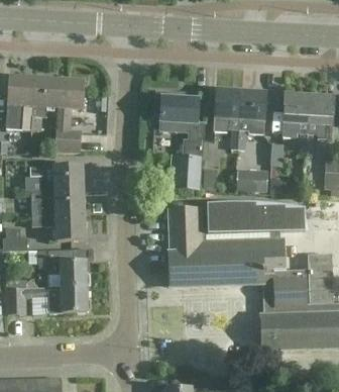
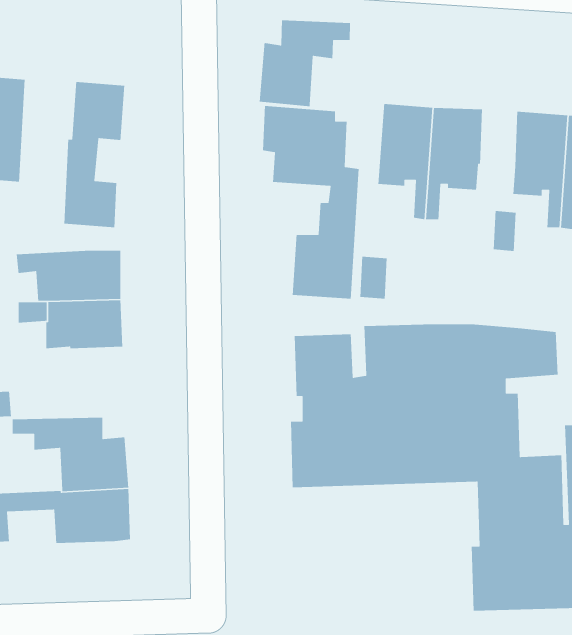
building: none -> [259,20,351,107]
building: [31,77,60,129] -> none
building: [236,168,267,191] -> none
building: [31,213,85,239] -> none

